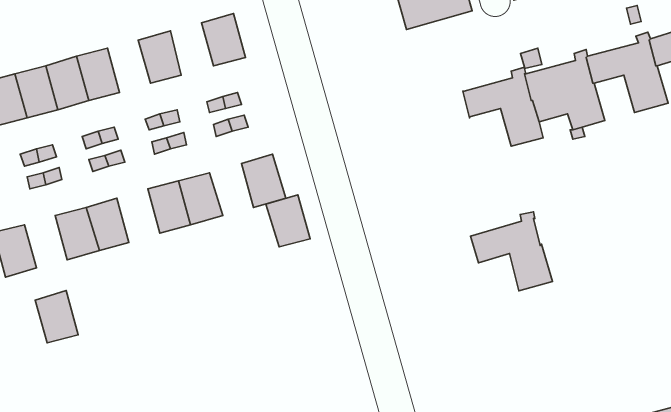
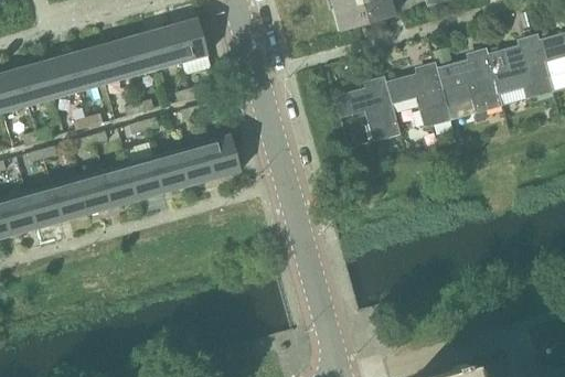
building: none -> [146,26,181,69]
building: none -> [94,41,129,84]
building: none -> [102,163,137,207]
building: [266,195,310,247] -> [178,142,214,185]
building: [471,212,552,291] -> [334,77,402,142]
building: [35,291,78,343] -> [25,185,61,228]

